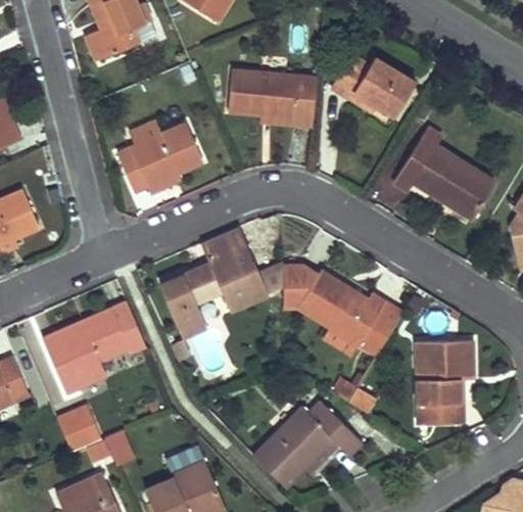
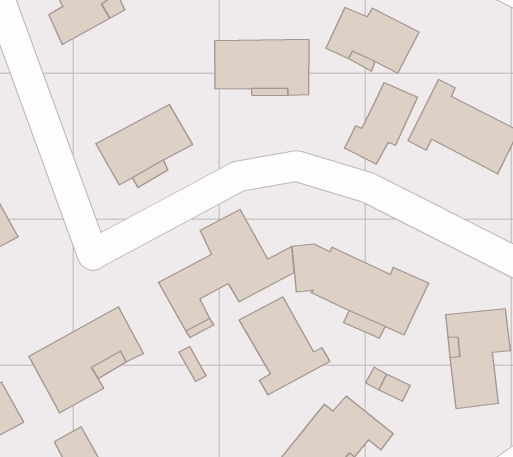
building: none -> [344,83,418,164]
building: none -> [239,297,330,395]

